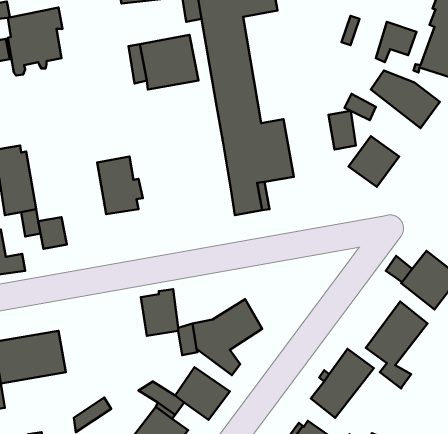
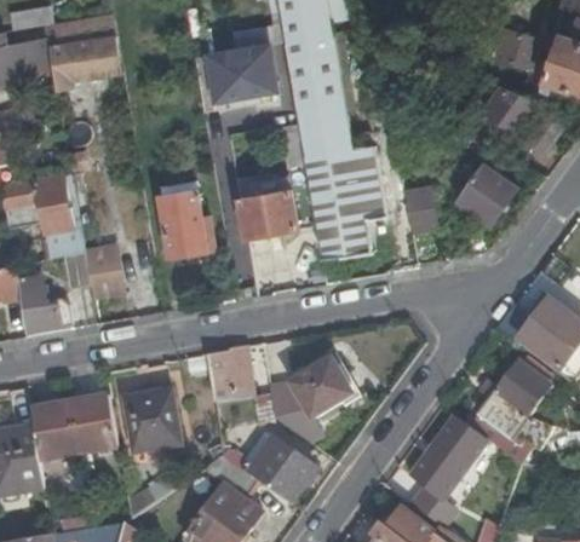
building: [328,111,356,149] -> [403,190,436,236]
building: none -> [239,169,316,238]
building: none -> [125,390,178,450]

